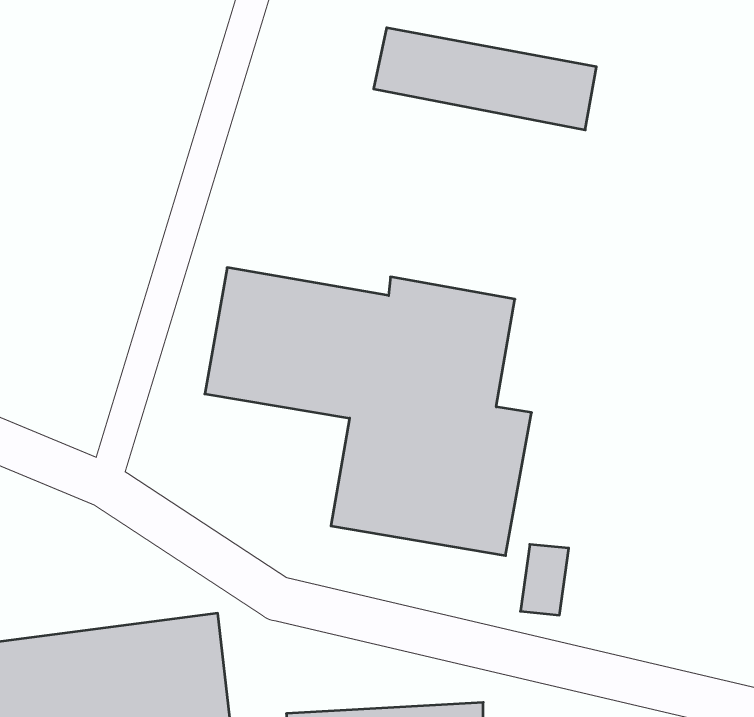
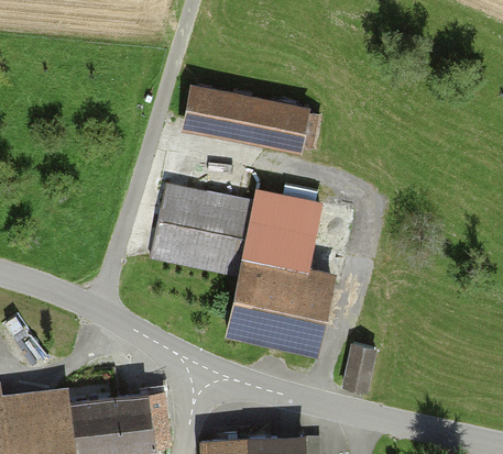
building: [374,28,596,130] -> [185,89,317,150]

